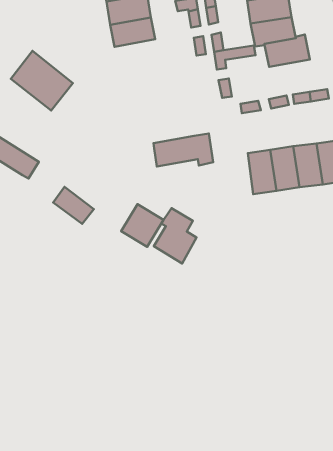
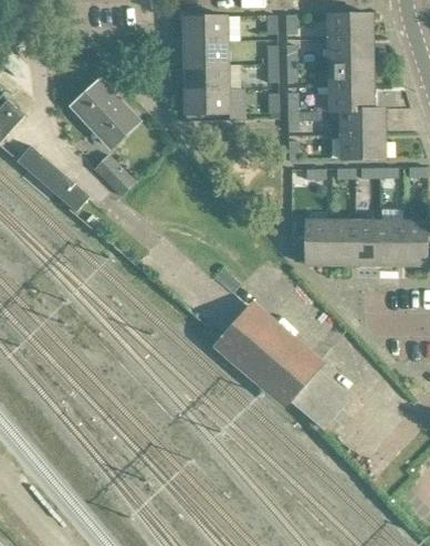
building: none -> [342,135,385,159]
building: [153,134,213,166] -> [186,90,244,120]
building: [53,187,94,224] -> [94,155,135,196]
building: [121,204,163,247] -> none
building: none -> [221,309,347,427]

